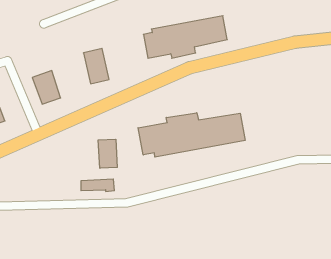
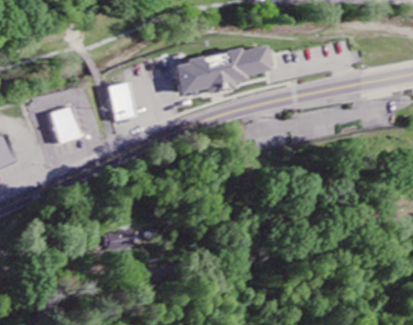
building: [138,113,245,157] -> none
building: [98,139,117,168] -> none

